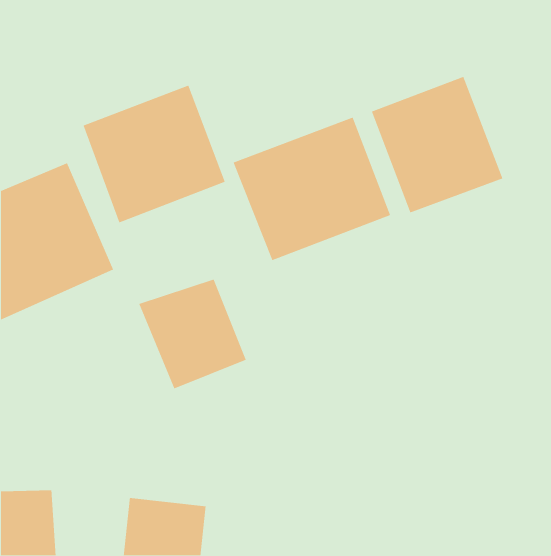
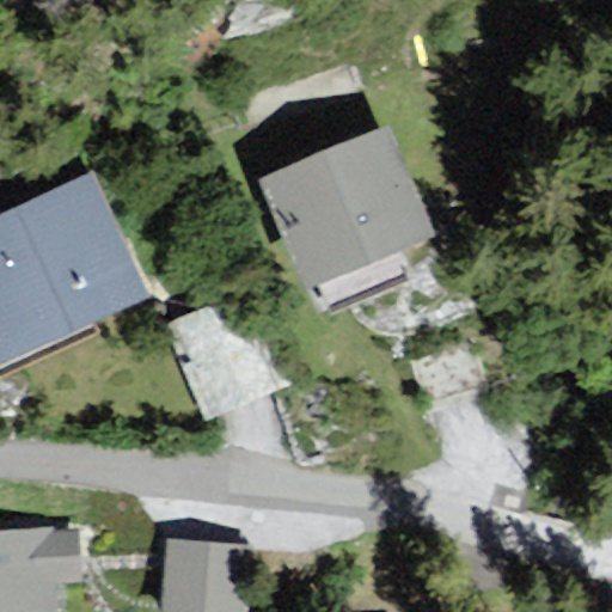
building: [371,76,504,213] -> none
building: [83,84,226,223] -> none

